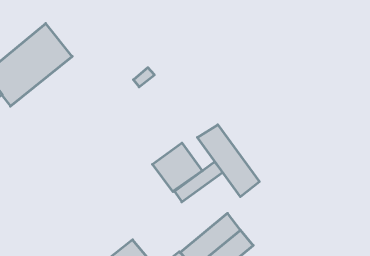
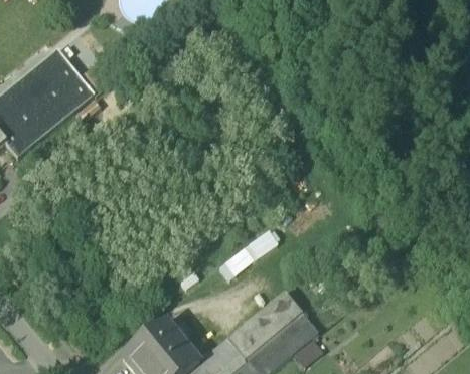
building: [197,125,259,197] -> none
building: [152,143,202,192] -> none

